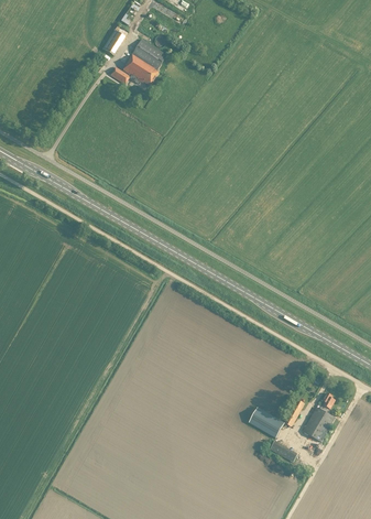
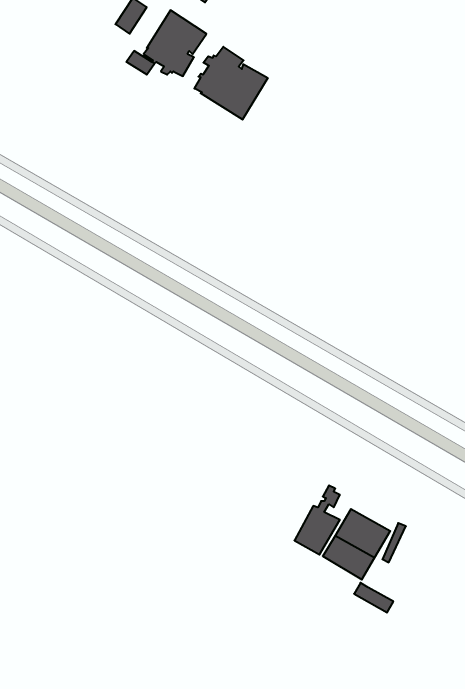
building: none -> [194,47,268,120]
building: [302,393,334,442] -> [294,485,340,555]

